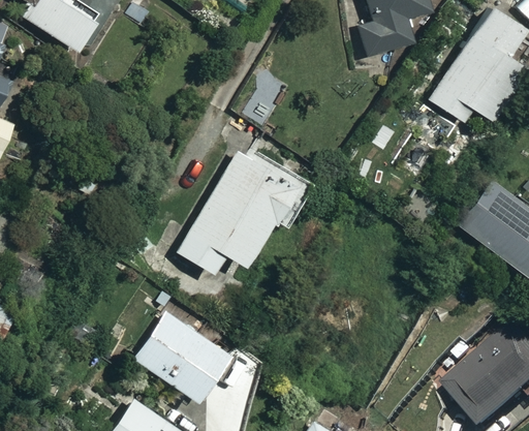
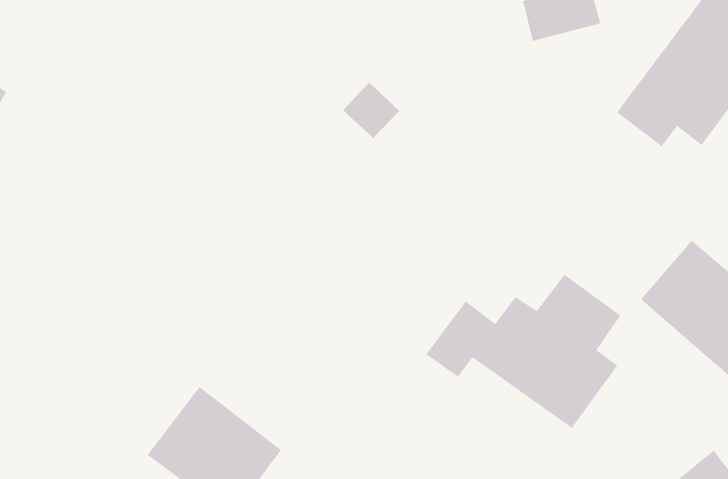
building: [178,143,310,272] -> none
building: none -> [426,274,621,429]

